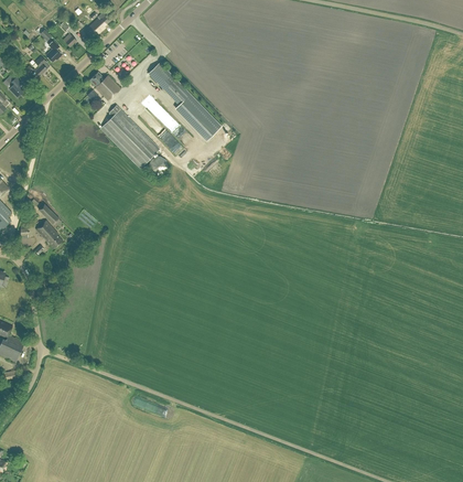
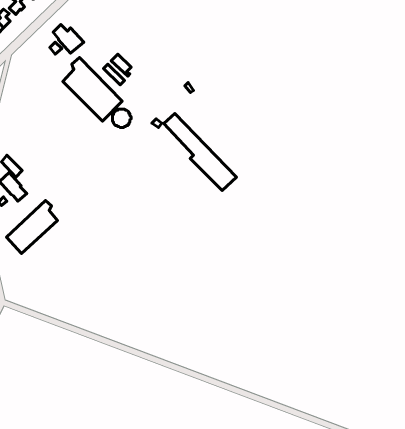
building: [149,63,222,140] -> [164,114,236,190]
building: none -> [6,200,58,254]

